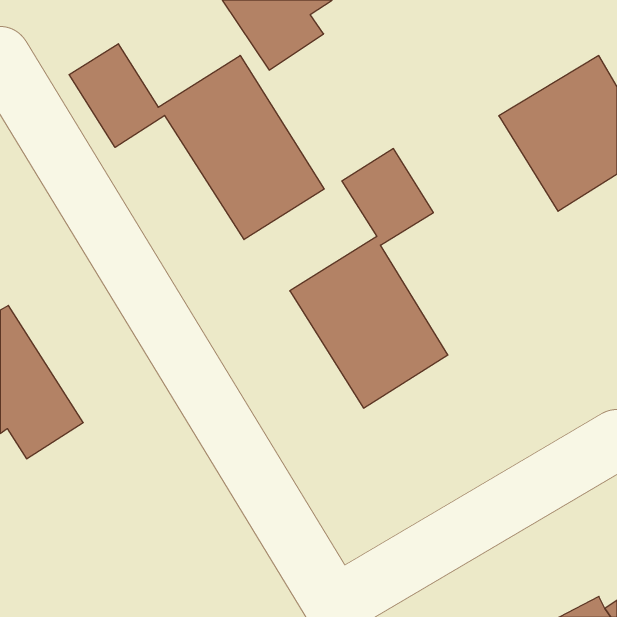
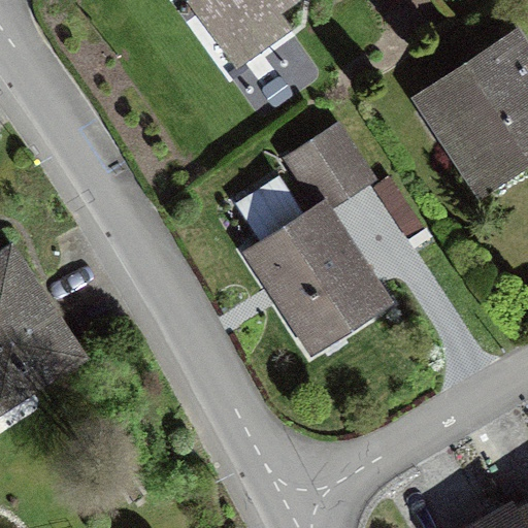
building: [69,44,324,240] -> none

